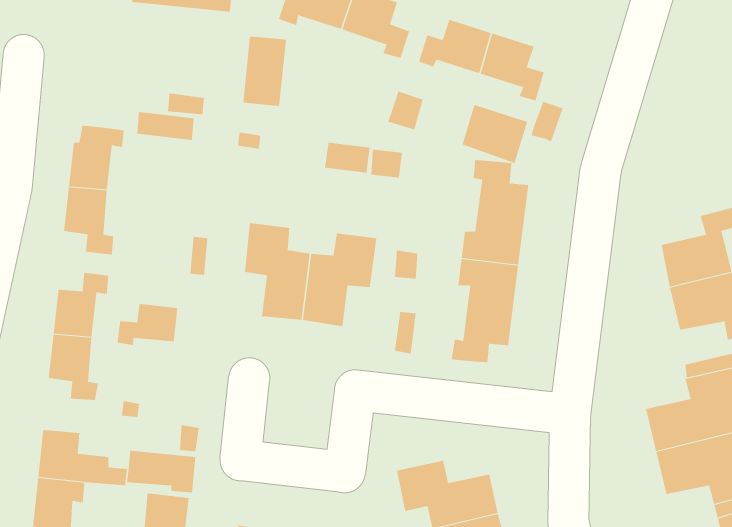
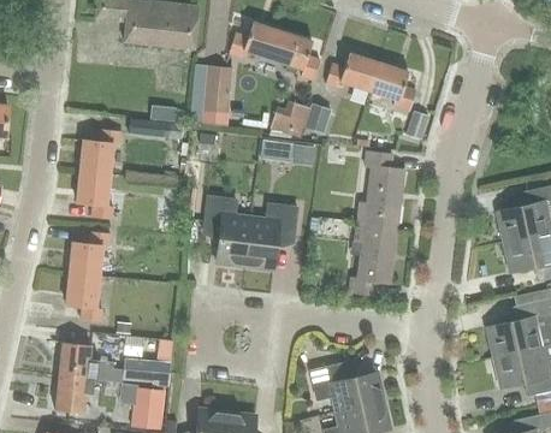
building: none -> [271,100,310,137]
building: [462,104,528,164] -> none
building: [117,303,178,346] -> none

